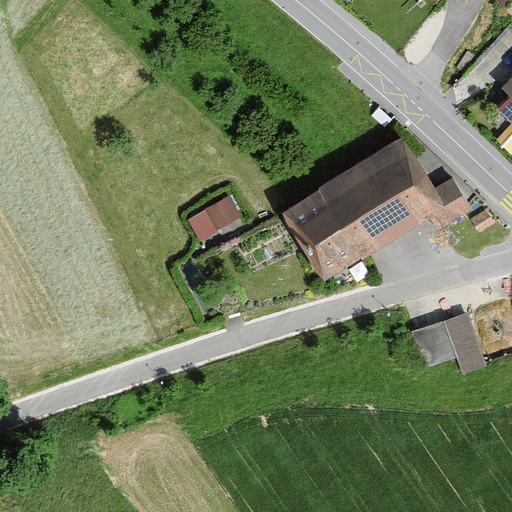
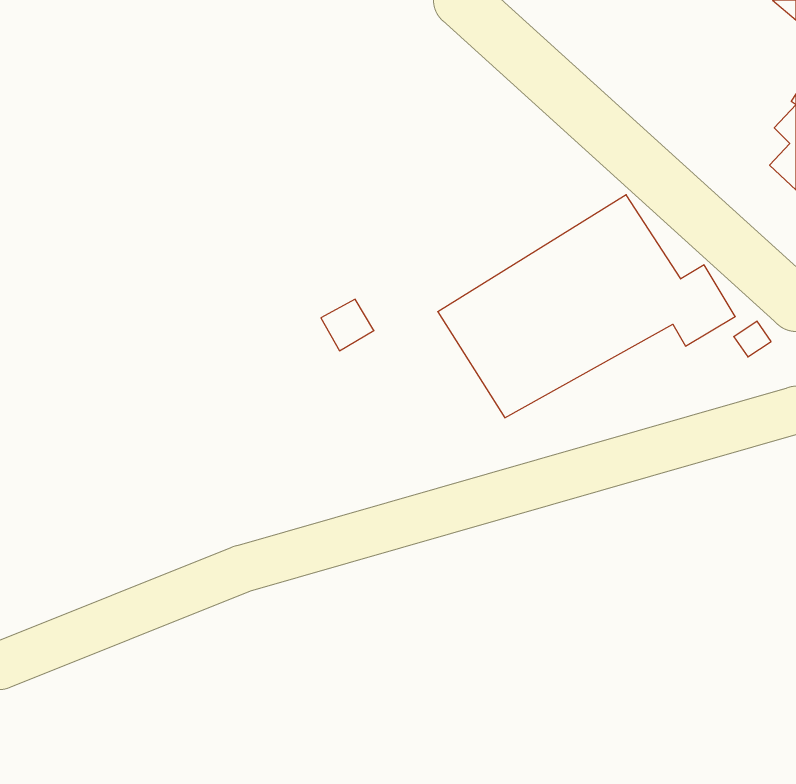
building: [411,315,487,380] -> none

